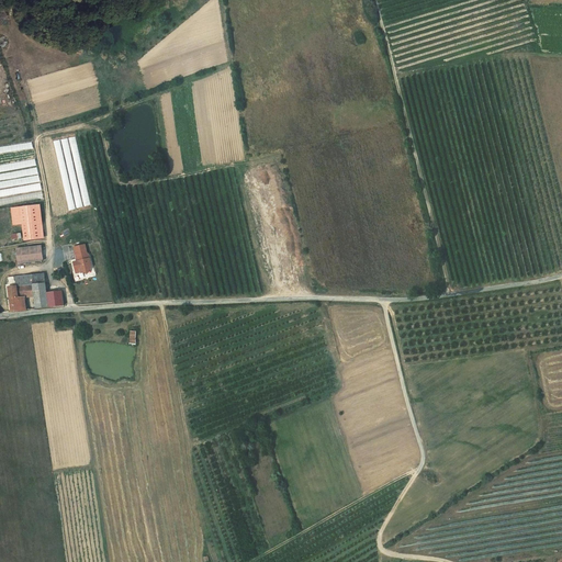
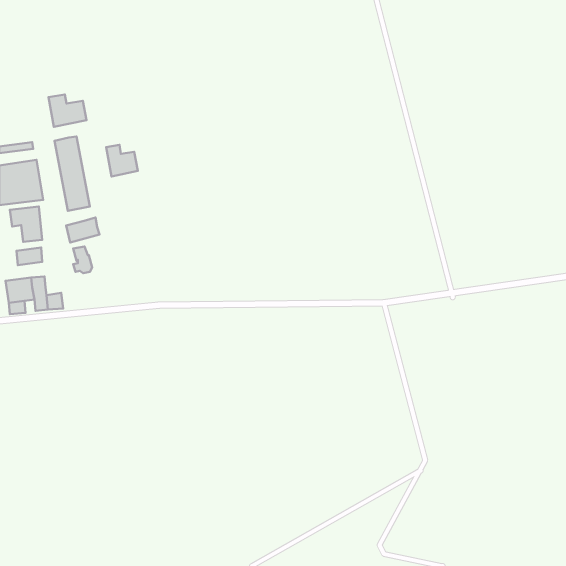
building: none -> [48,94,86,127]
building: none -> [106,145,138,176]
building: none -> [66,218,100,243]

